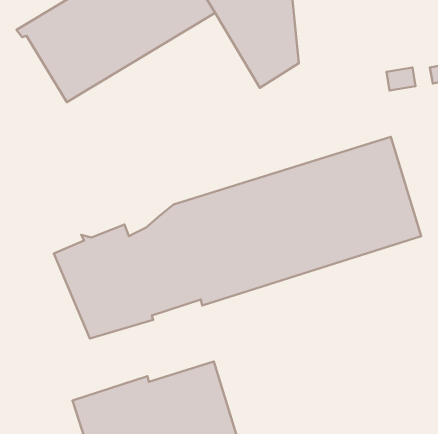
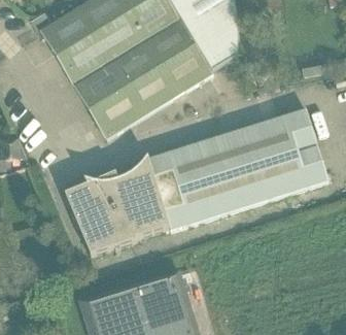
building: none -> [73,20,211,137]

